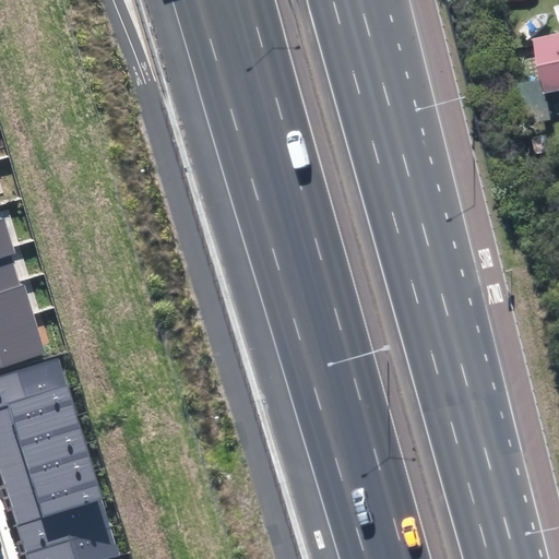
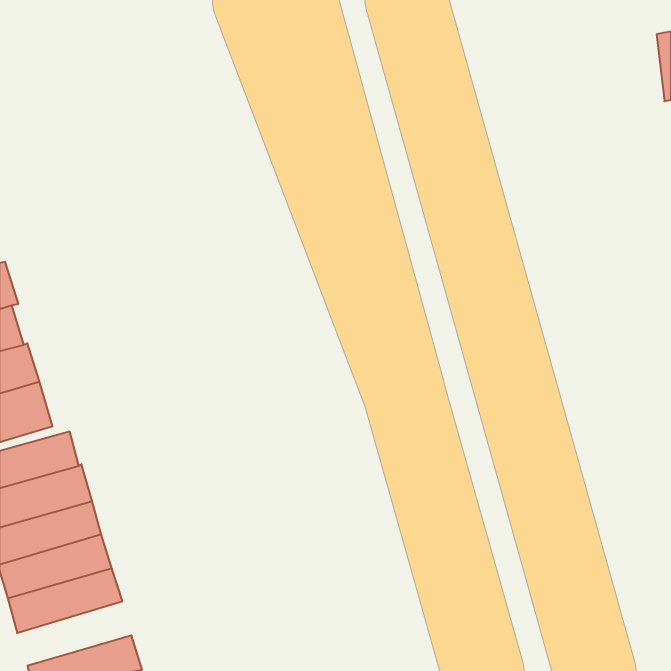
building: [14,500,109,554] -> none

